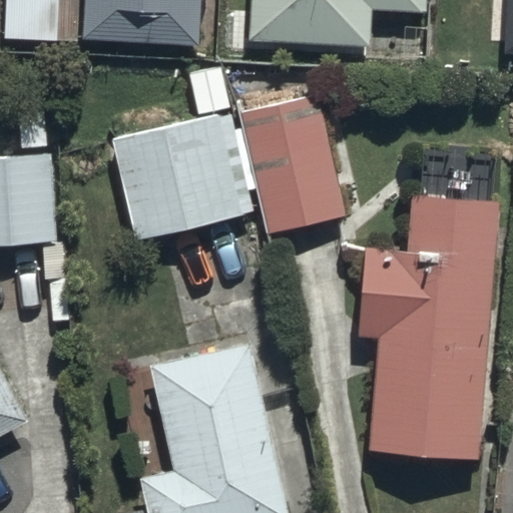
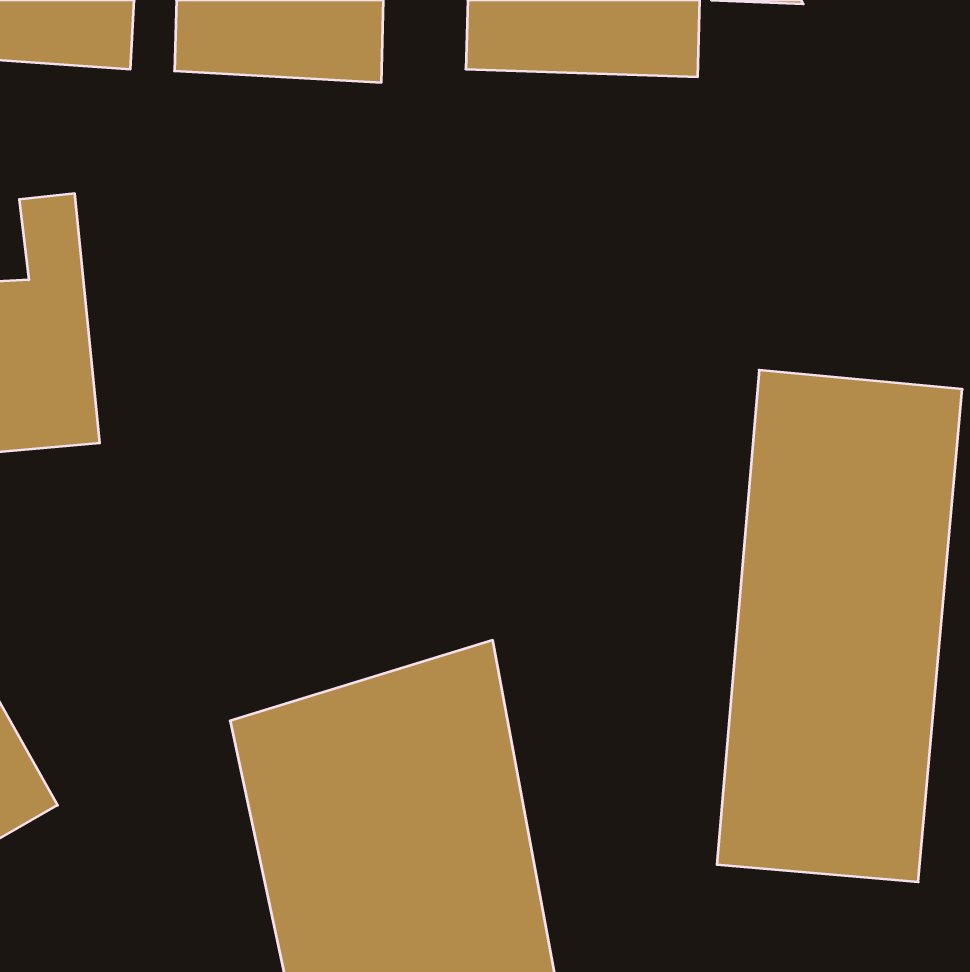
building: [107,65,246,233] -> none
building: [232,89,342,232] -> none

